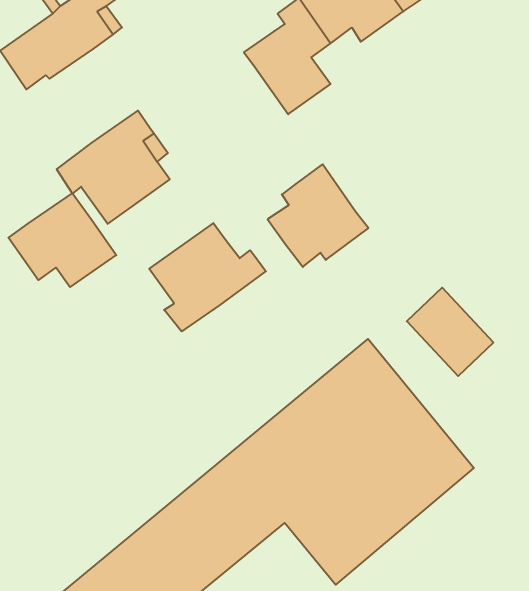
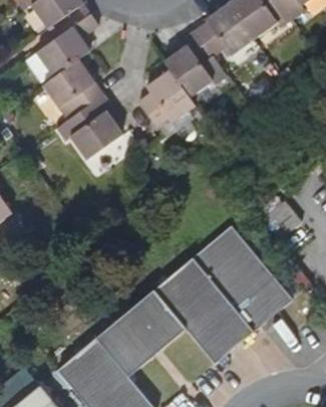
building: [268,164,368,267] -> [137,69,195,128]
building: [8,193,116,287] -> [41,59,102,113]
building: [149,223,266,331] -> none

